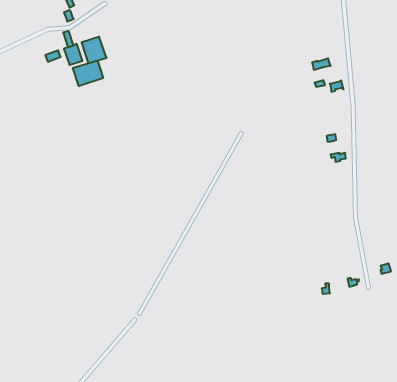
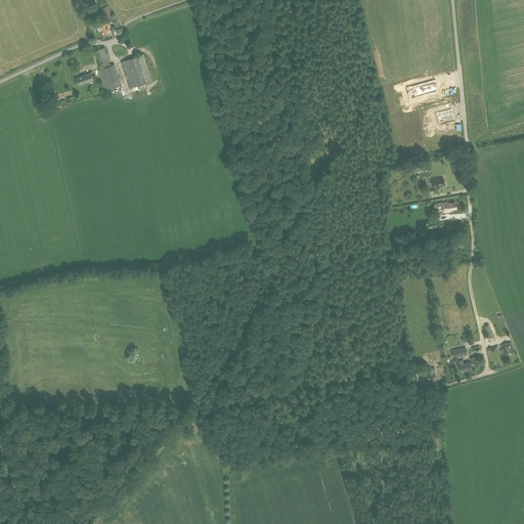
building: [73,61,103,86] -> none

